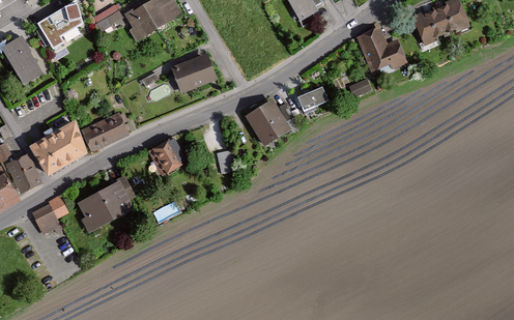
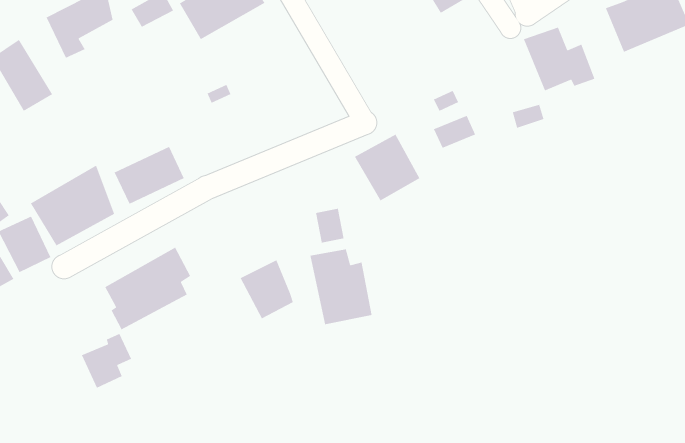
building: [171,55,217,94] -> none
building: [148,137,184,177] -> [240,259,294,320]
building: none -> [310,249,373,325]
building: [33,197,67,234] -> [81,333,132,389]

